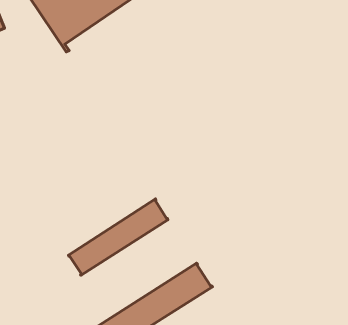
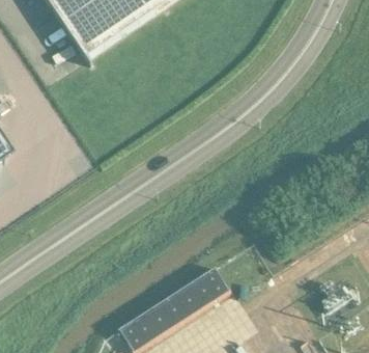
building: [68,199,168,275] -> none

